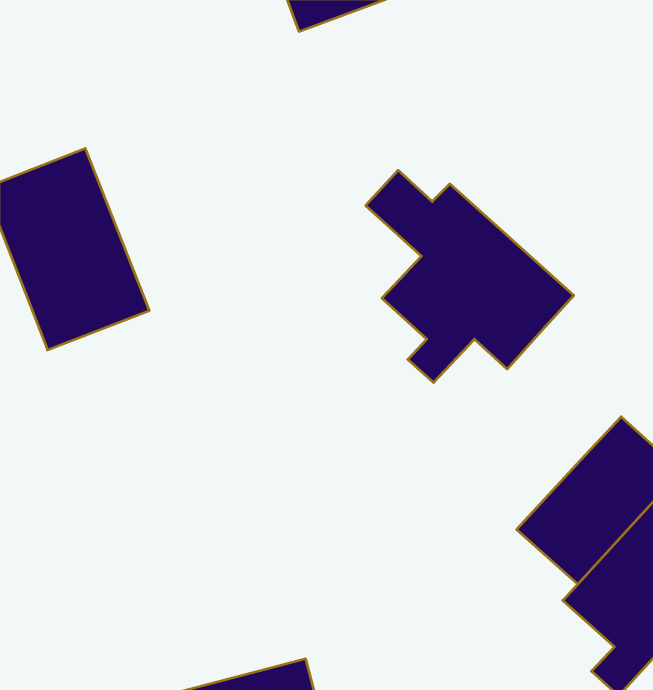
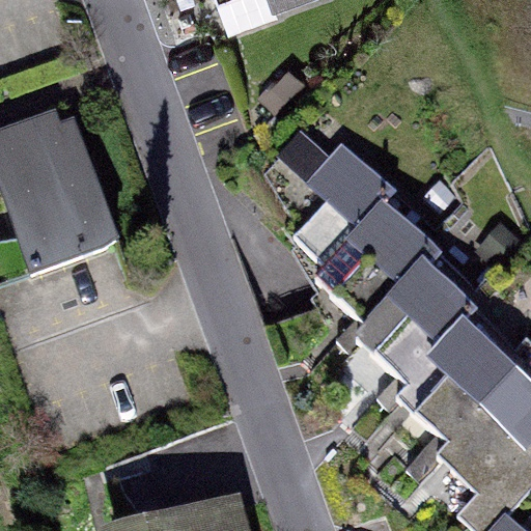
building: none -> [351,252,483,371]

